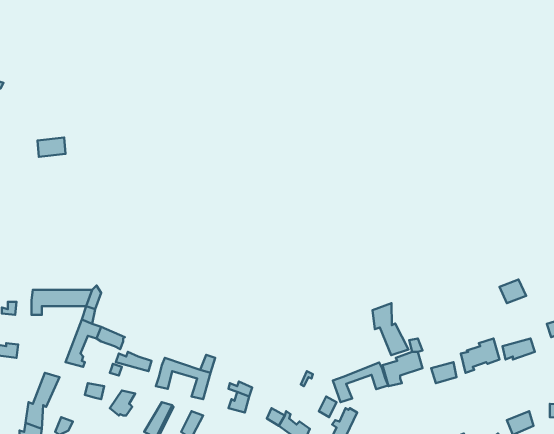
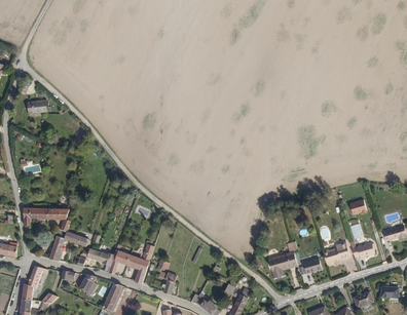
building: [373,303,408,355] -> none
building: [333,363,388,402] -> none

